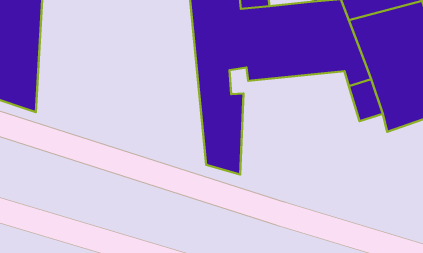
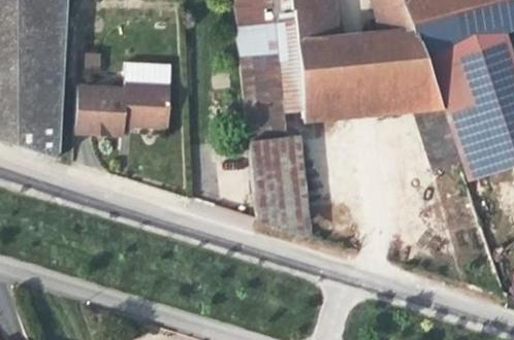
building: none -> [77,62,172,135]

